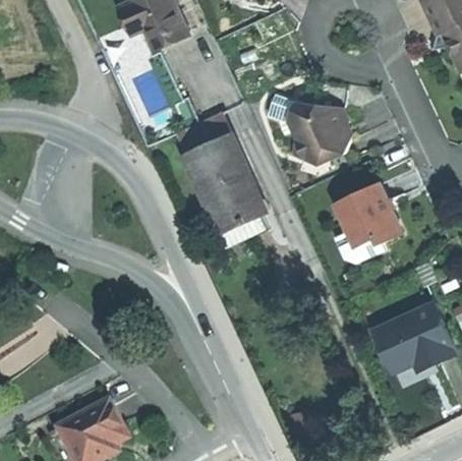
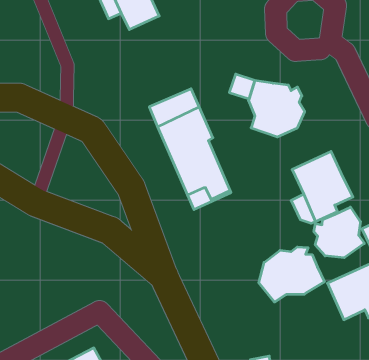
building: none -> [314,207,364,258]
building: none -> [259,247,324,302]

